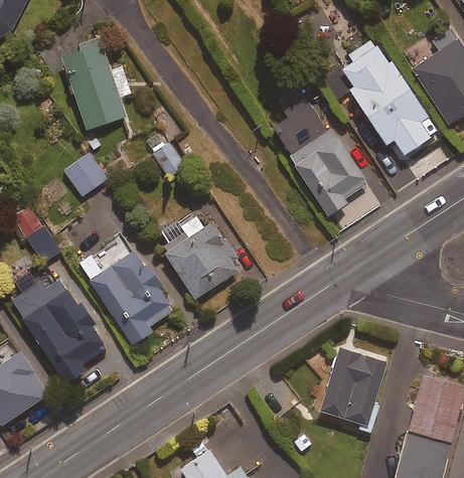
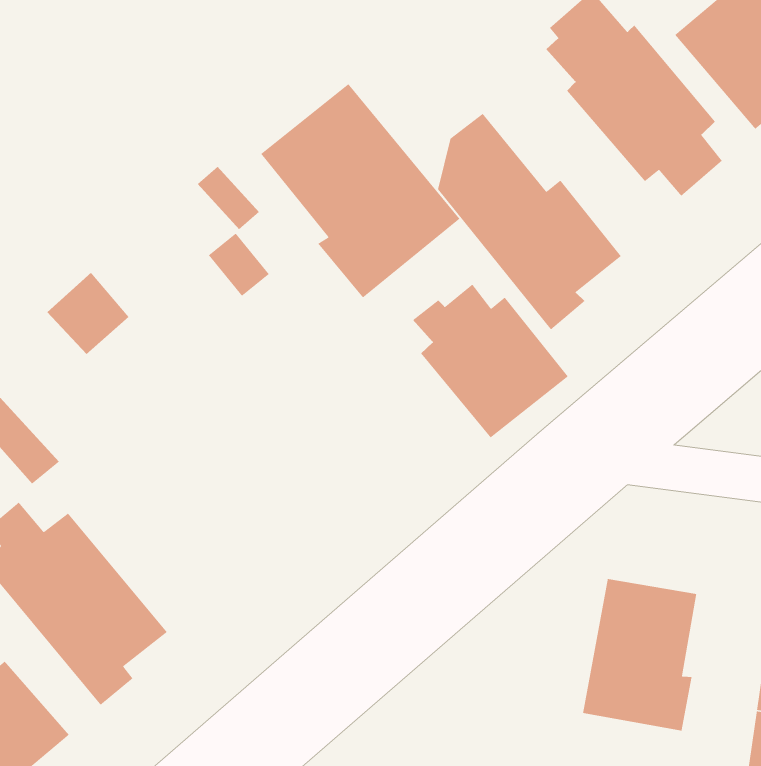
building: [62,42,124,129] -> none
building: none -> [260,83,460,299]
building: [161,215,240,298] -> [412,283,569,438]
building: [79,234,172,344] -> none

